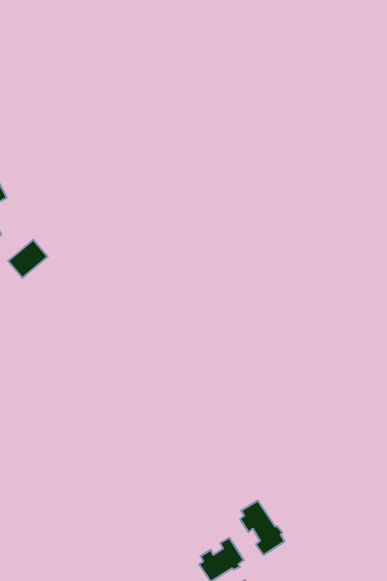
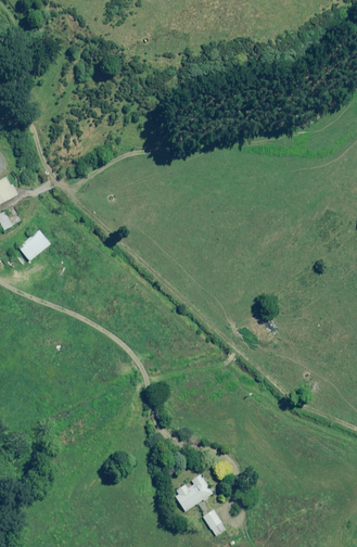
building: [240,501,285,555] -> none

